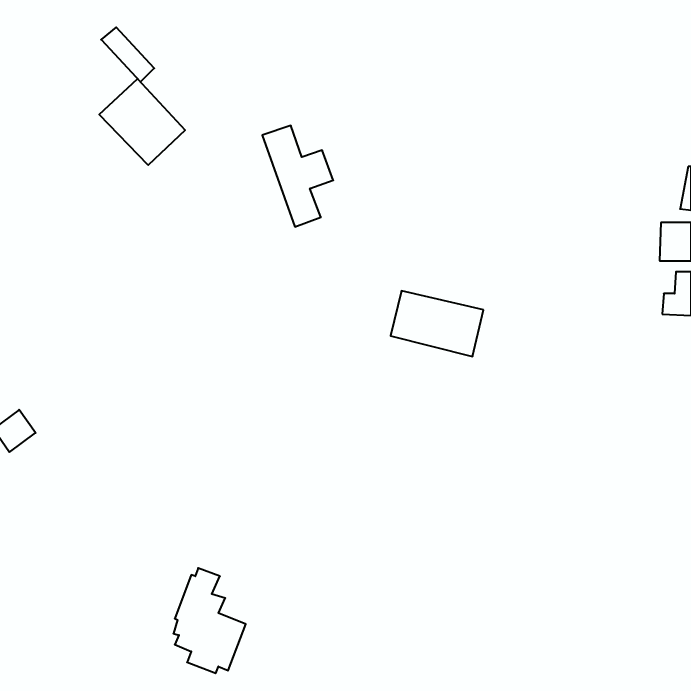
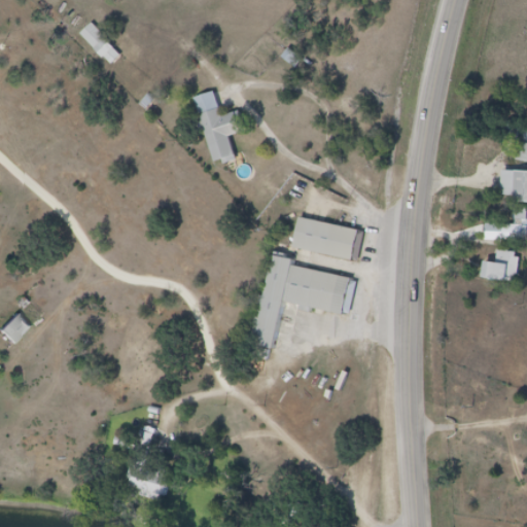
building: [99,79,185,165] -> none
building: none -> [480,249,514,278]
building: none -> [249,252,352,345]

